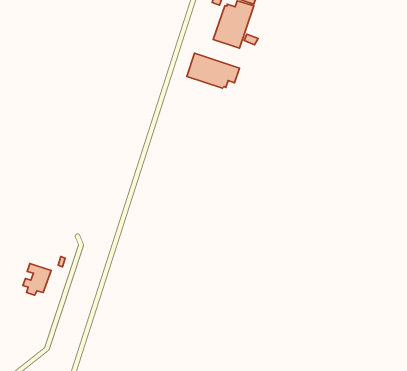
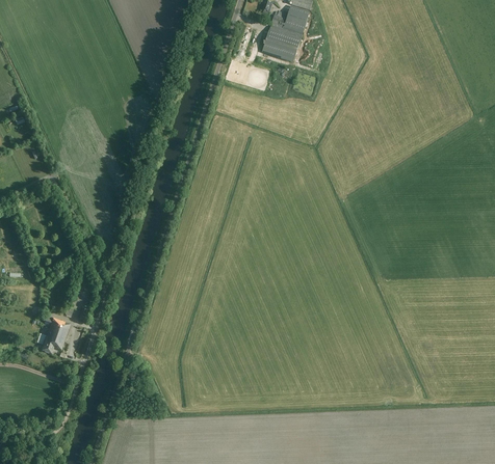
building: [187,53,240,88] -> none

